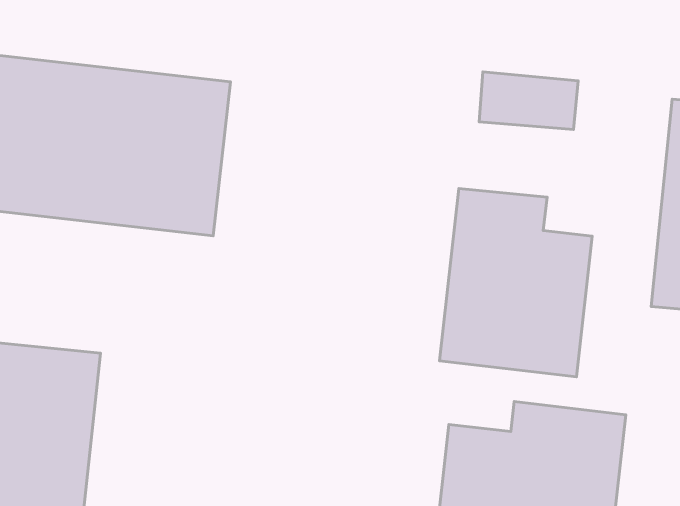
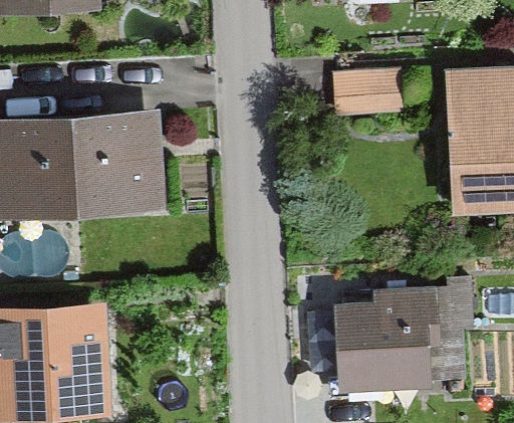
building: [440,188,592,377] -> none

